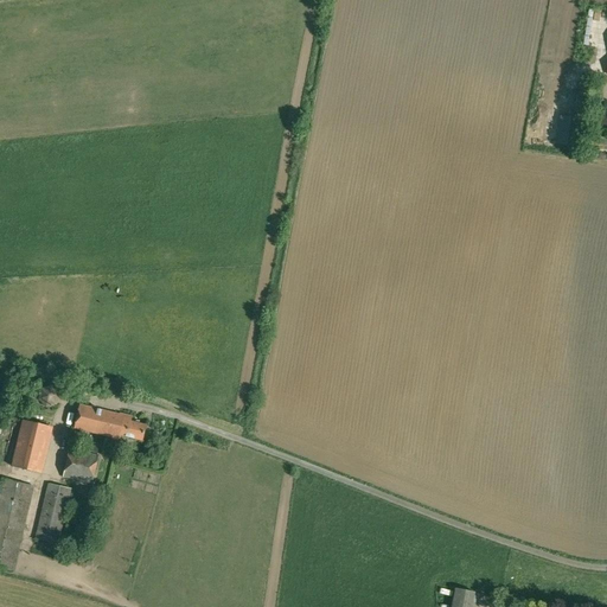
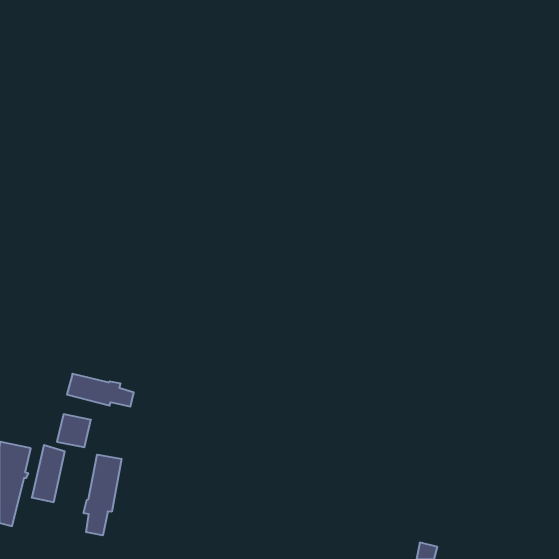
building: [11,418,51,473] -> none
building: none -> [84,455,121,535]

